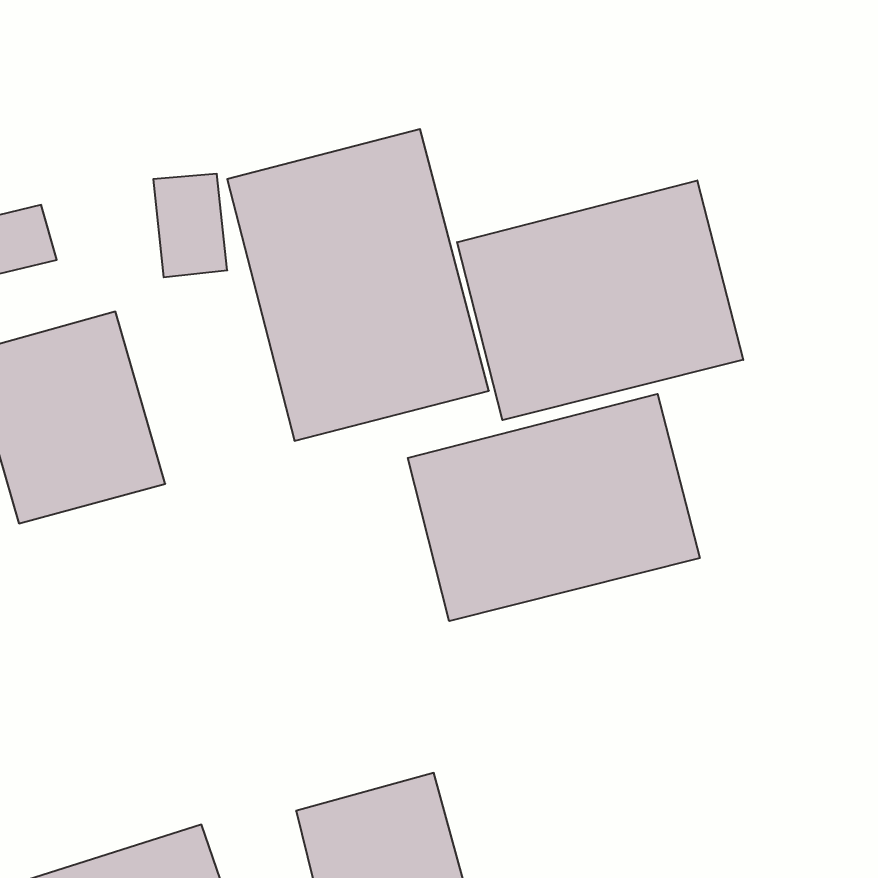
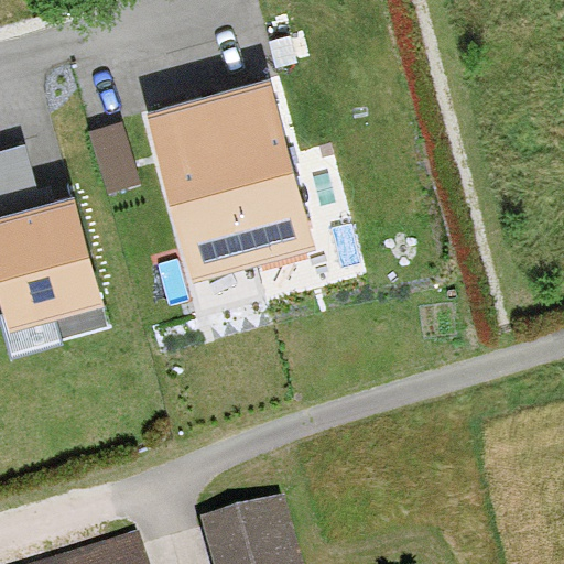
building: [457,180,743,420] -> none
building: [408,394,700,621] -> none

